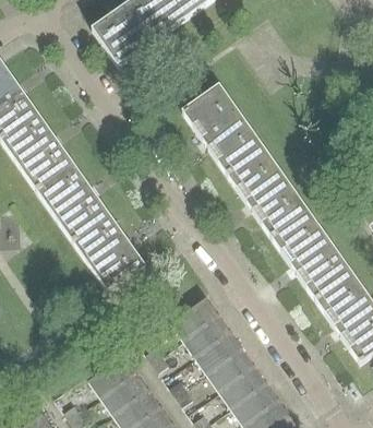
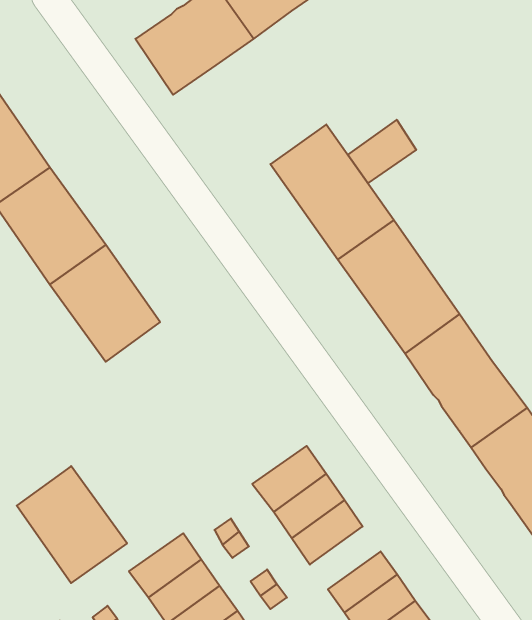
building: none -> [348,120,416,183]
building: [73,215,146,293] -> [17,466,127,583]
building: [208,350,255,392] -> none

